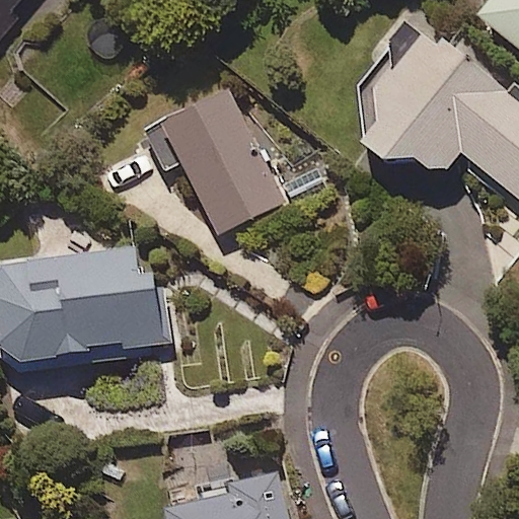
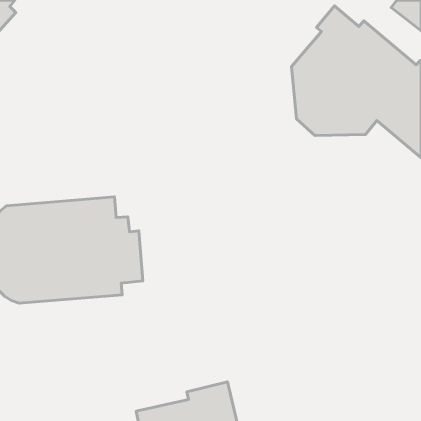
building: [148,90,282,232] -> none

